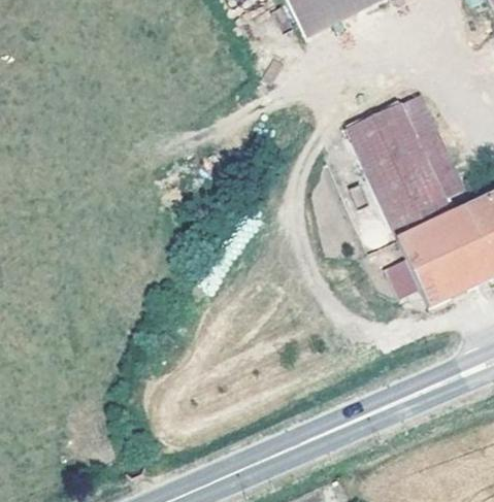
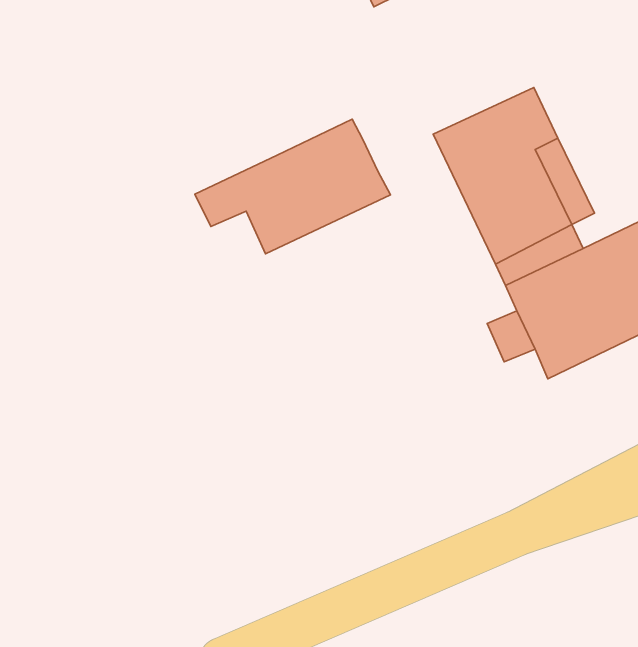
building: none -> [195,119,391,254]

